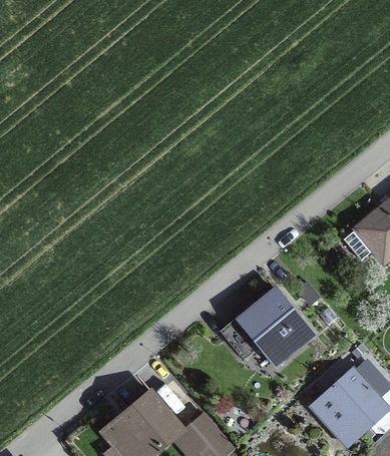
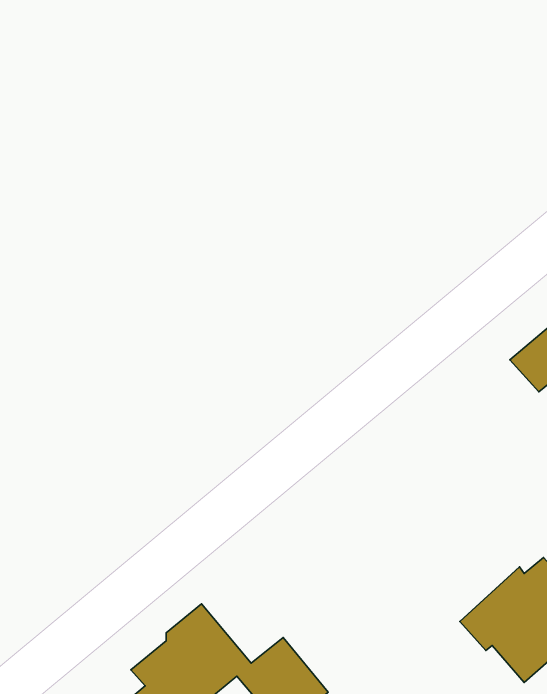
building: [224,288,315,367] -> none

